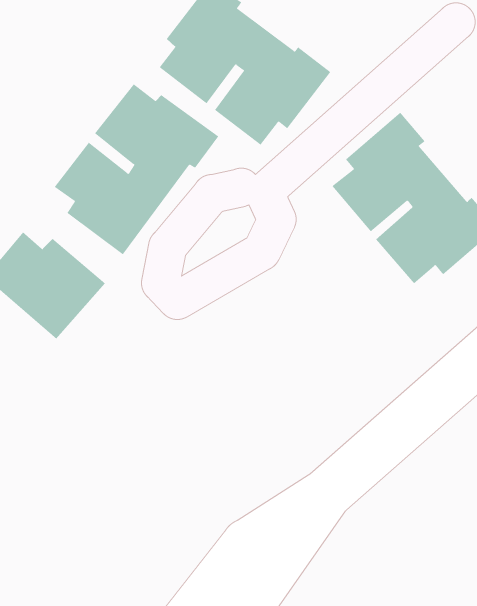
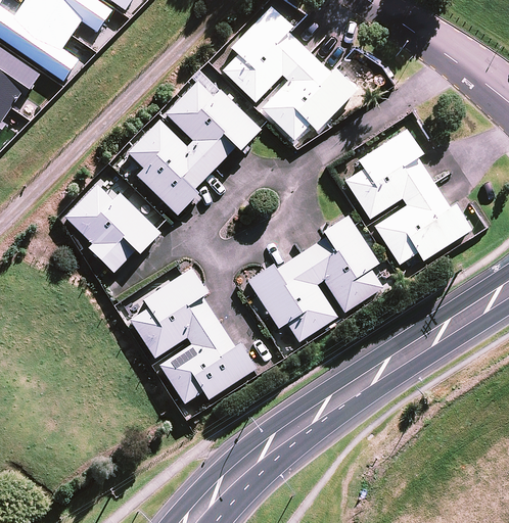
building: none -> [246,213,382,341]
building: none -> [130,271,254,406]

